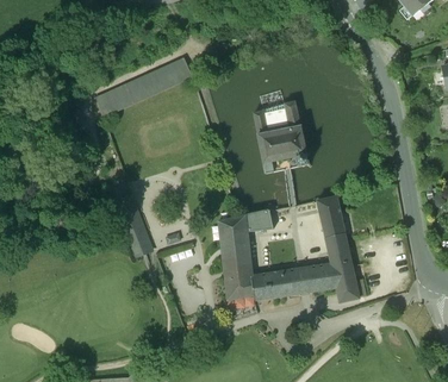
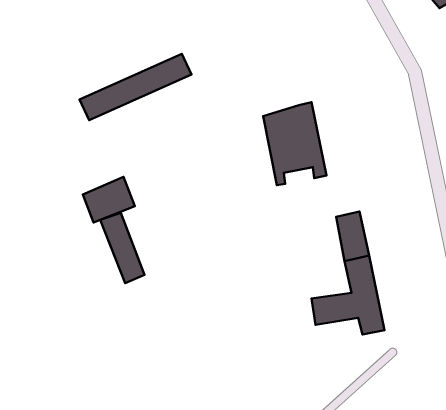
building: none -> [83,177,135,222]
building: [218,209,299,299] -> none

